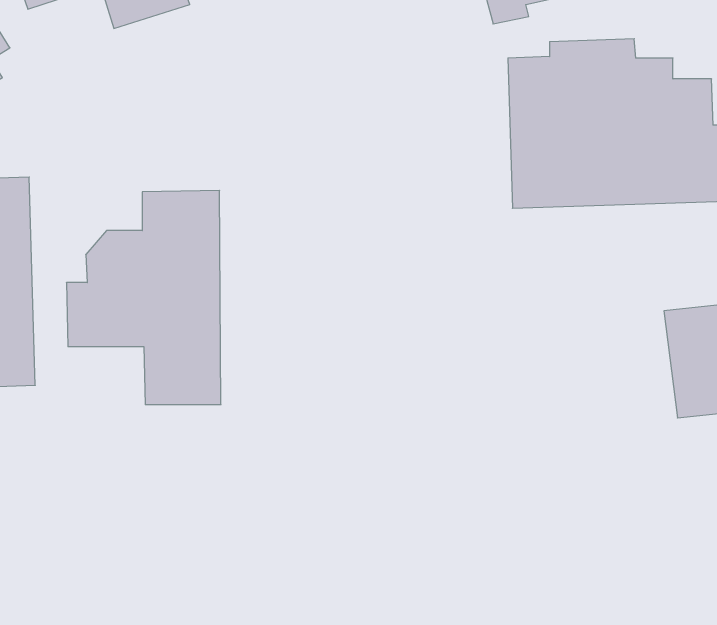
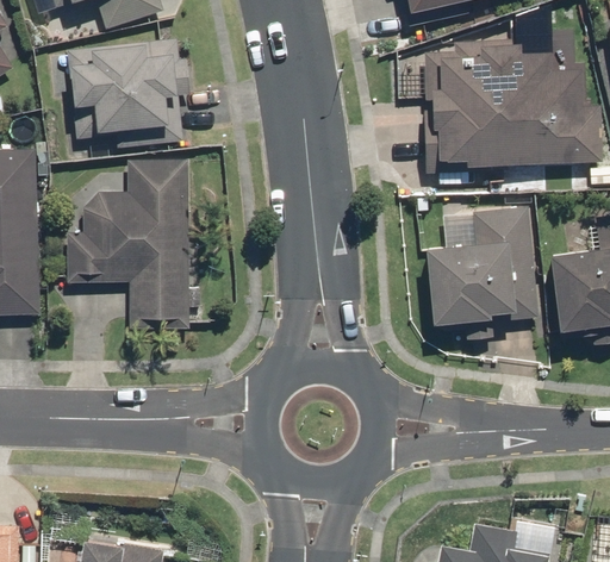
building: none -> [66,38,191,140]
building: none -> [422,205,540,342]

